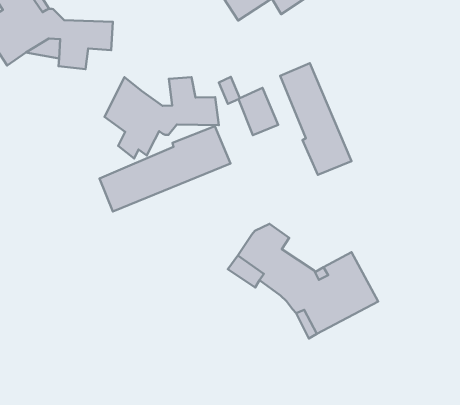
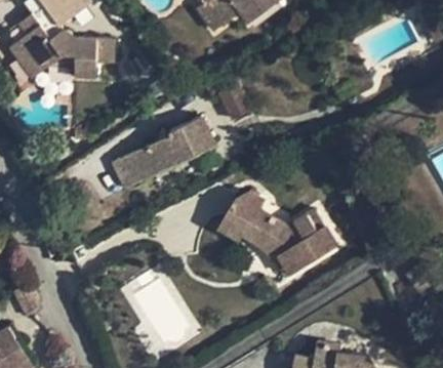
building: [280,63,351,175] -> none
building: [104,77,219,158] -> none

